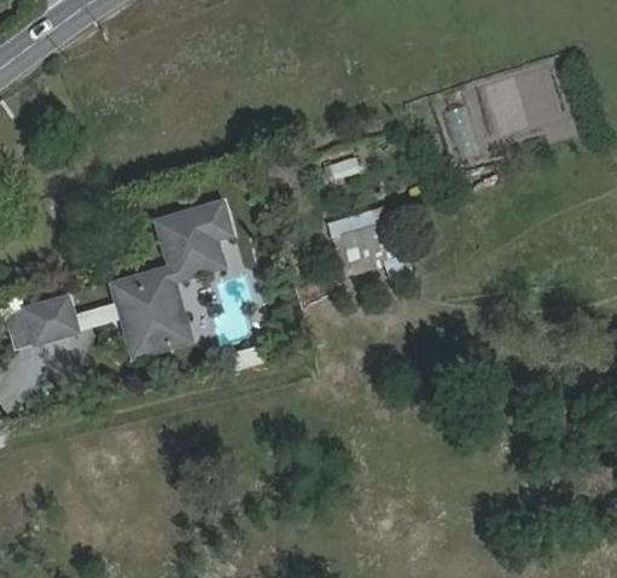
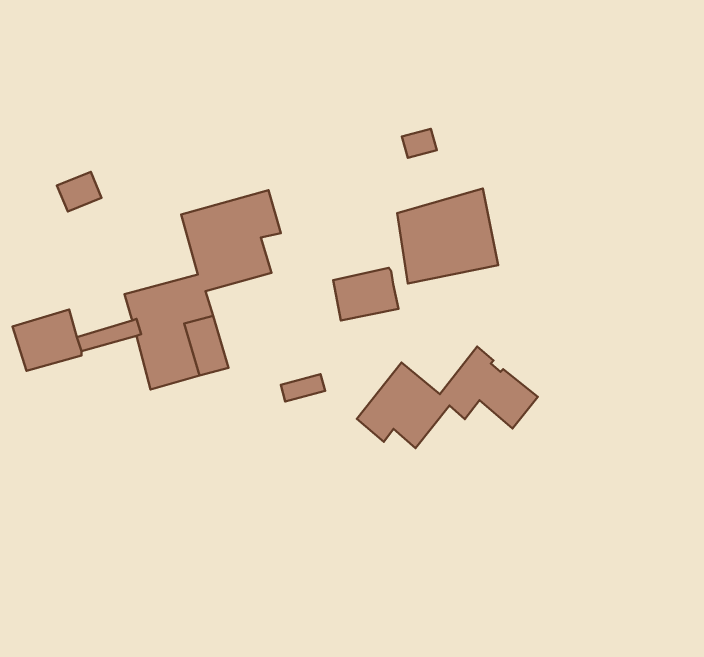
building: none -> [333,268,399,321]
building: none -> [357,346,538,448]

